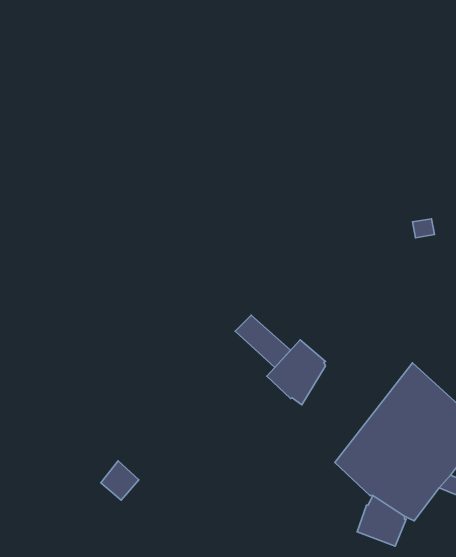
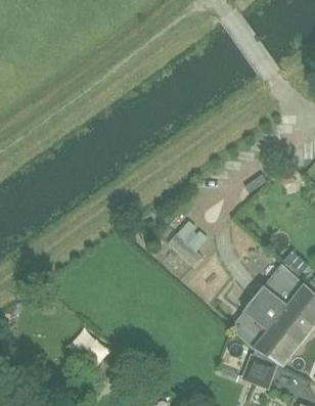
building: [267,340,325,405] -> none

